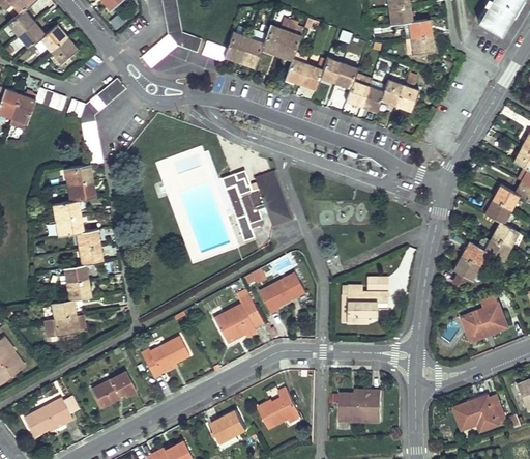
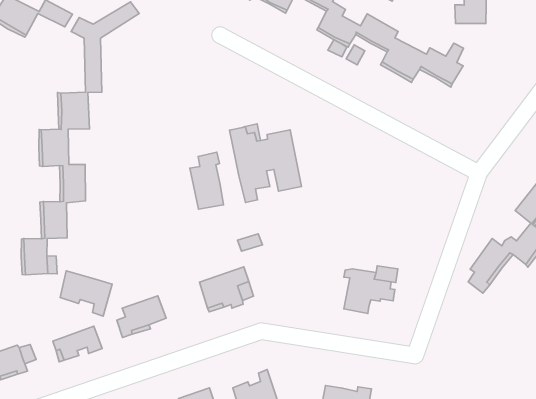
building: none -> [190,152,223,209]
building: [259,272,304,313] -> none
building: [462,303,507,341] -> none
building: none -> [60,271,112,316]

